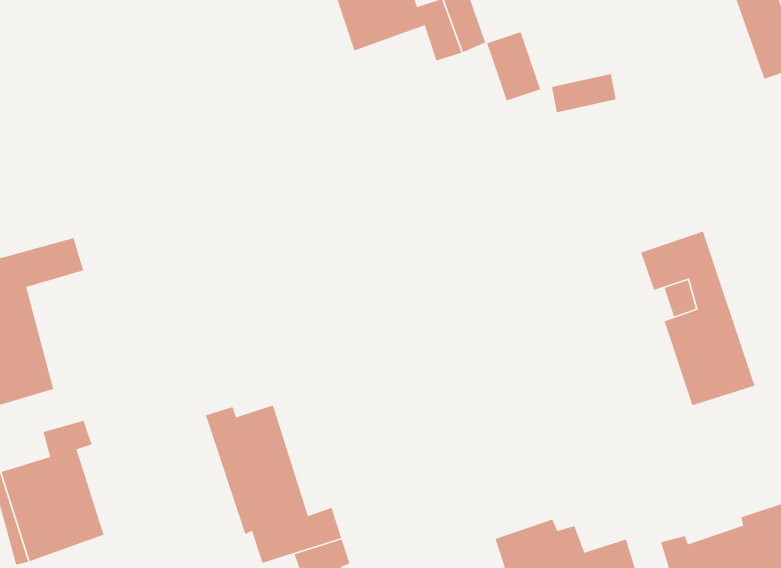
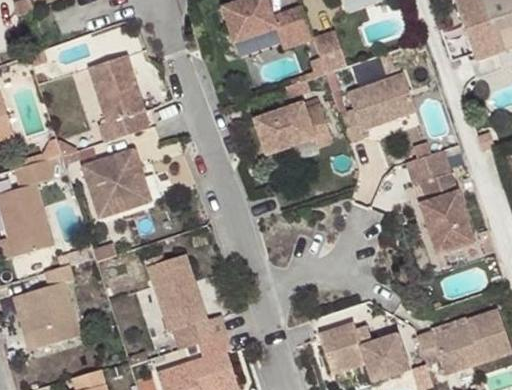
building: none -> [88,54,145,141]
building: none -> [337,73,414,143]
building: none -> [251,102,330,155]
building: none -> [86,147,155,216]

